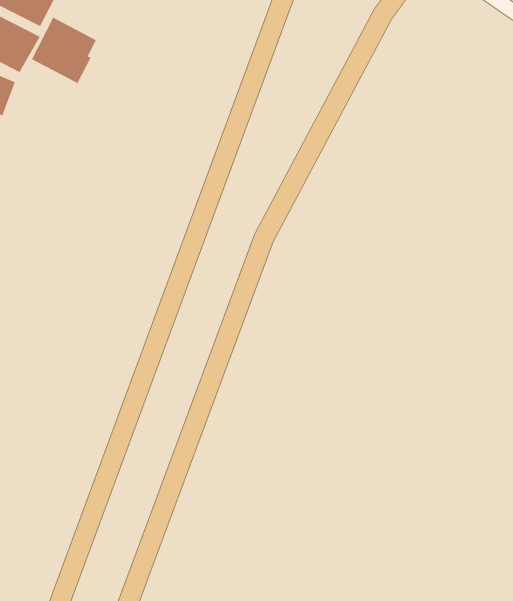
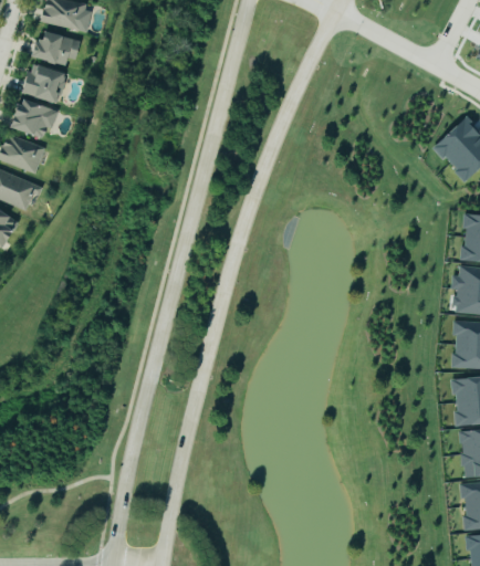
building: [31,16,97,84] -> none

